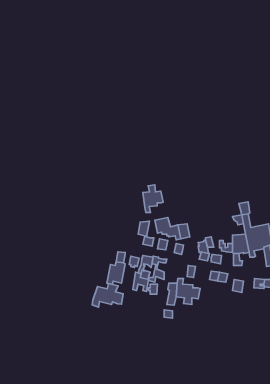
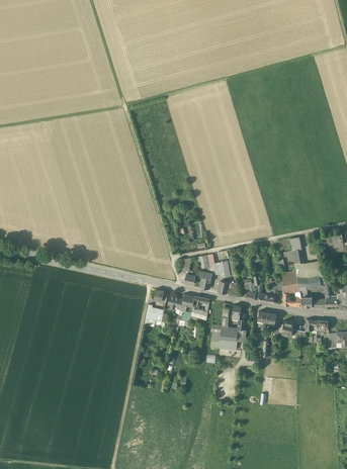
building: [143,185,163,212] -> none
building: [92,283,123,307] -> none

